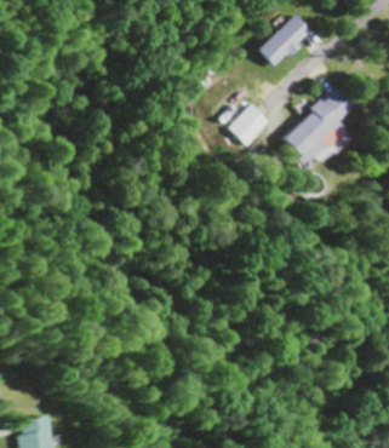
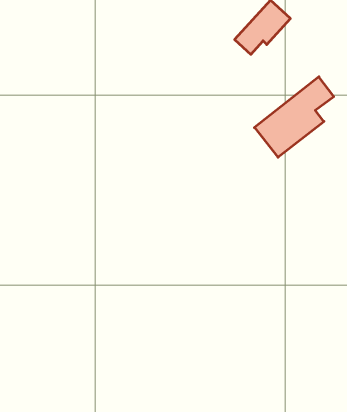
building: [228,103,273,147] -> none

